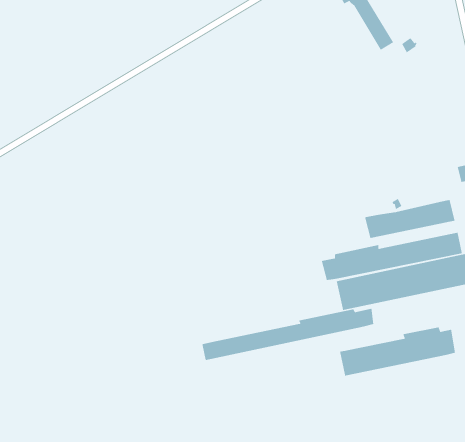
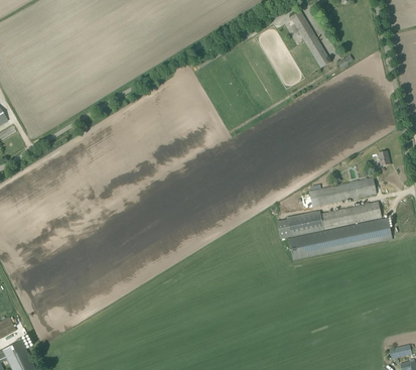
building: [201,308,374,361] -> none
building: [339,327,456,376] -> none

